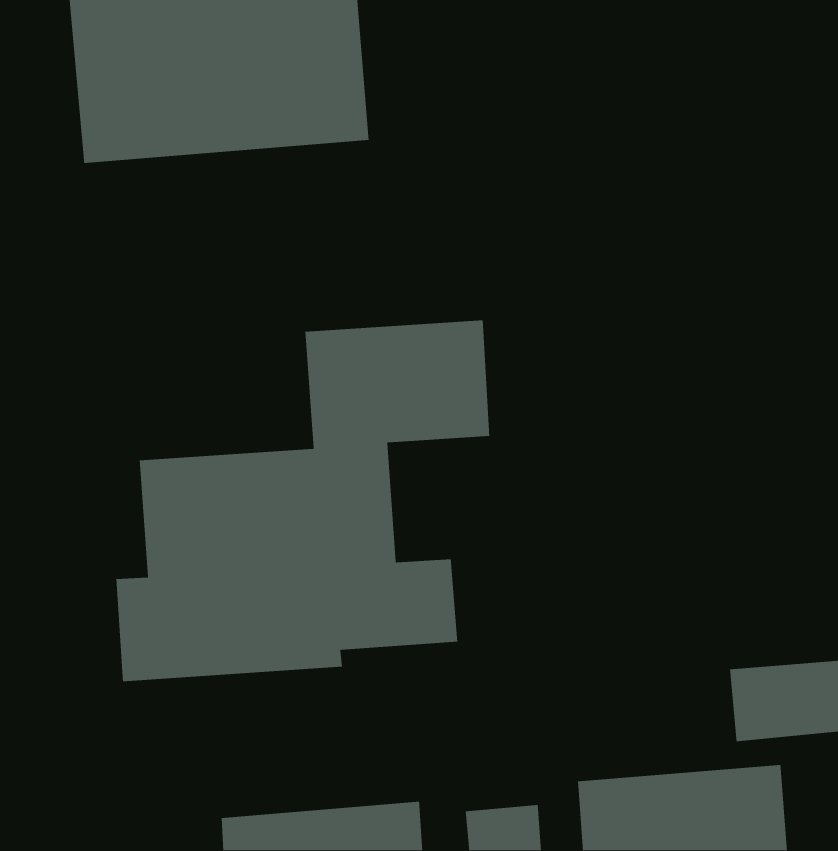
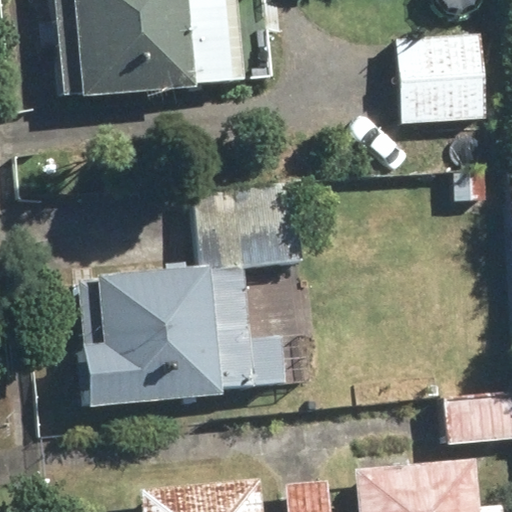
building: none -> [397,35,487,124]

